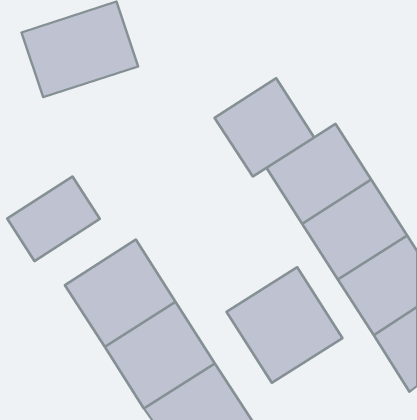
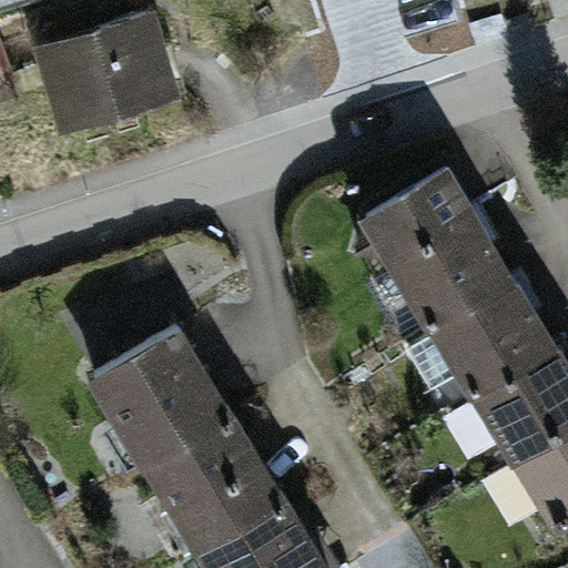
building: [215,78,314,176] -> none
building: [7,176,100,261] -> none
building: [227,267,342,383] -> none

